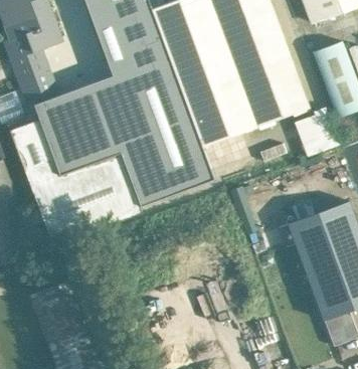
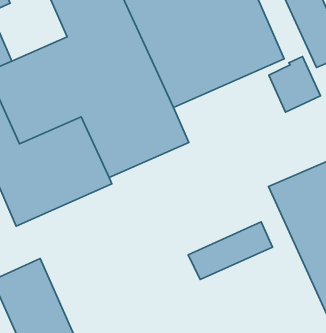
building: none -> [188,222,272,280]

